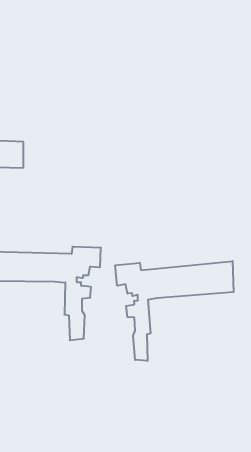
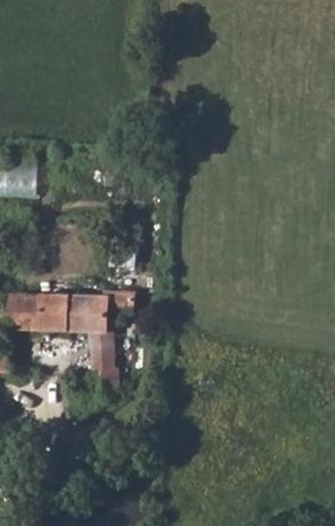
building: [115,261,234,361] -> none

